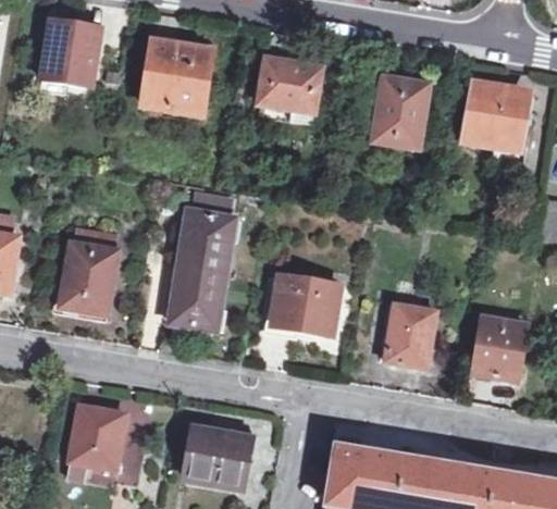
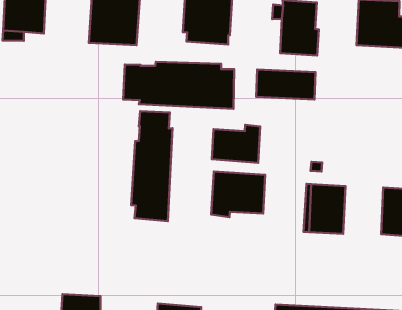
building: none -> [123,62,234,109]
building: none -> [256,69,316,100]
building: none -> [212,125,260,163]
building: [61,227,119,313] -> none

